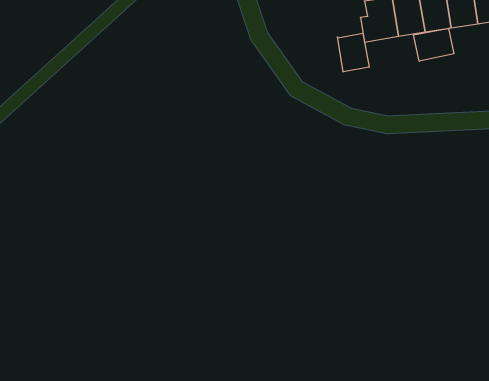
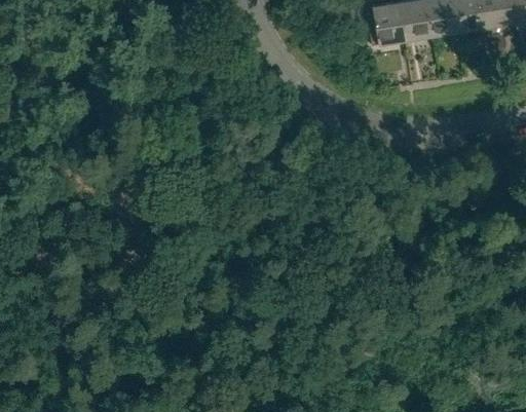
building: [414,28,454,61] -> none
building: [338,33,369,72] -> none

